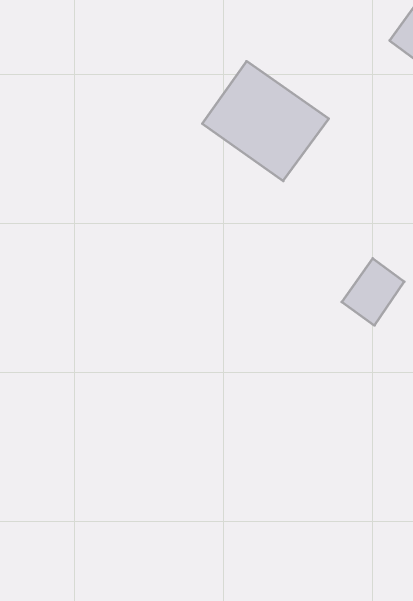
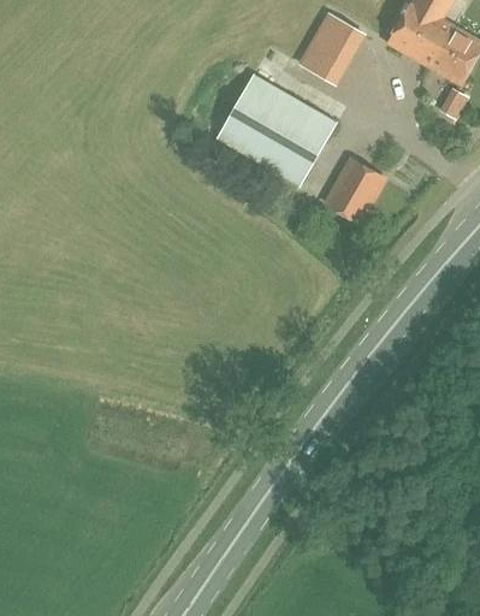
building: none -> [300,14,362,83]
building: [342,258,404,325] -> [325,159,383,223]

